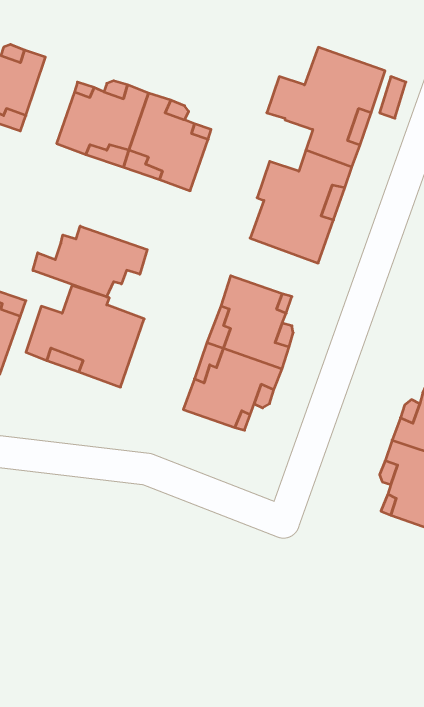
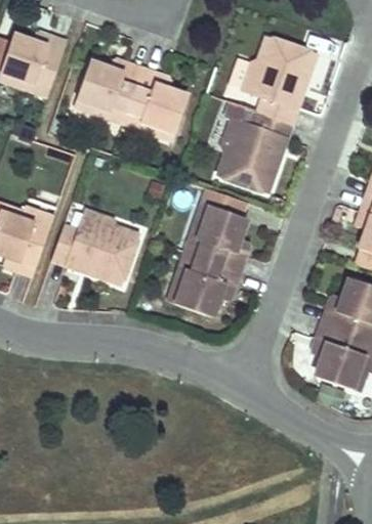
building: [33,226,147,297] -> none

